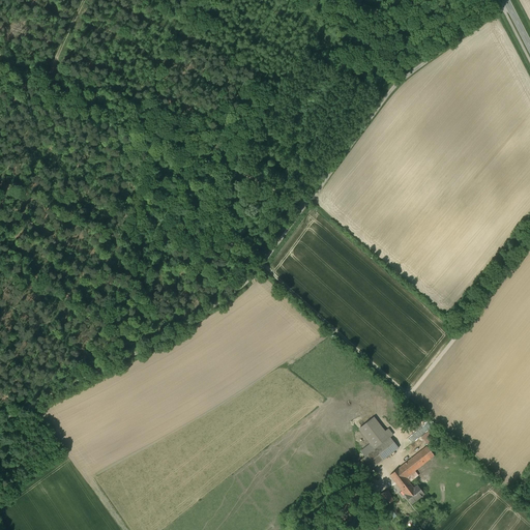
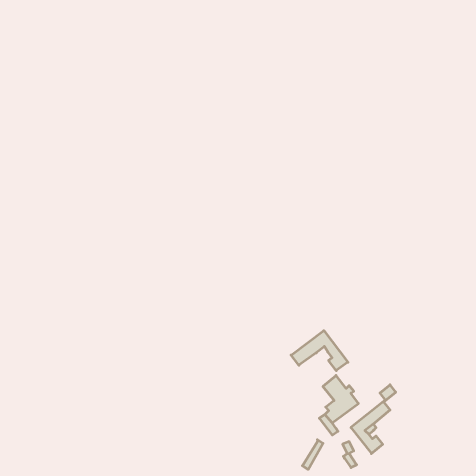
building: none -> [291,331,348,371]

